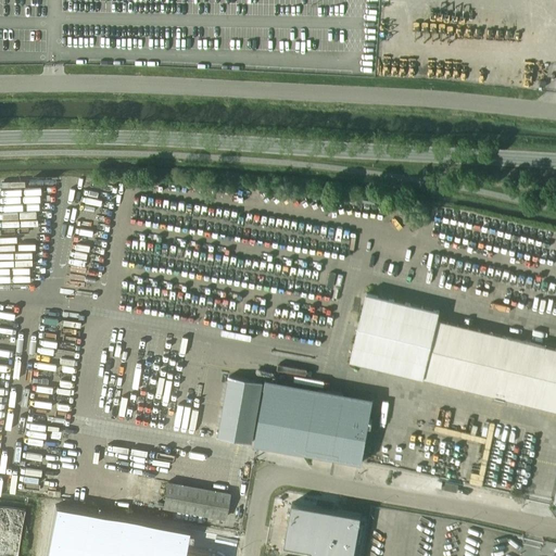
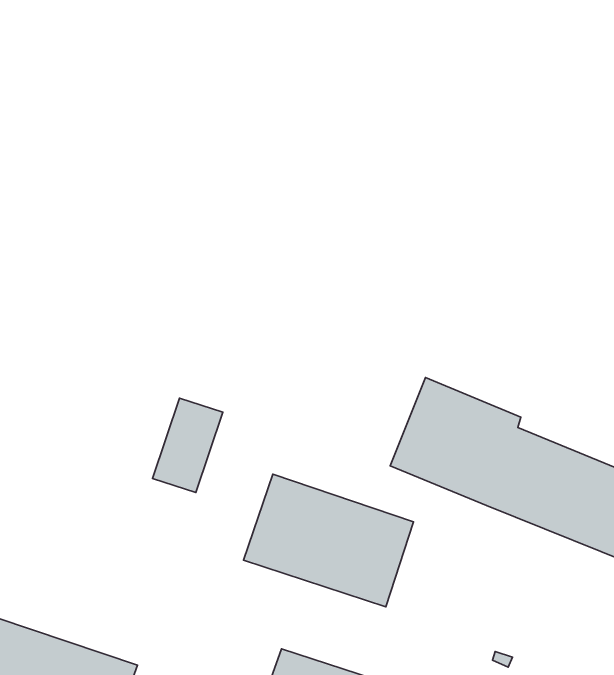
building: [218,379,262,445] -> [153,398,223,493]
building: [162,484,230,522] -> none

